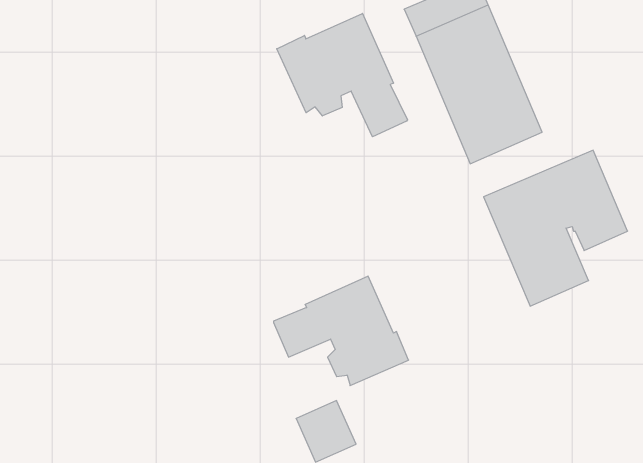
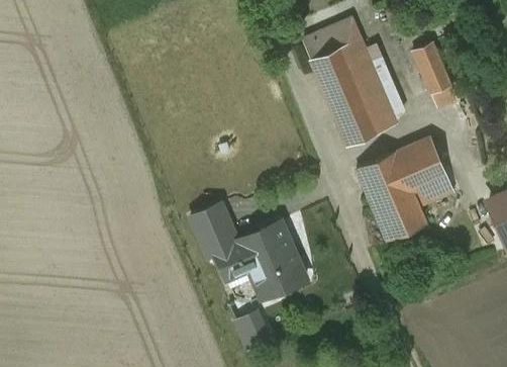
building: none -> [415,42,459,106]
building: [277,13,407,137] -> none
building: none -> [192,203,239,257]

